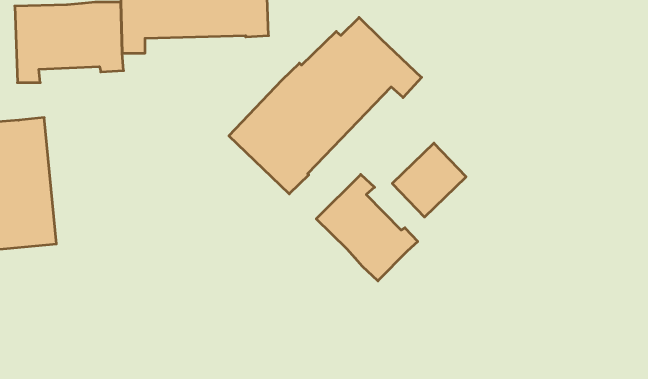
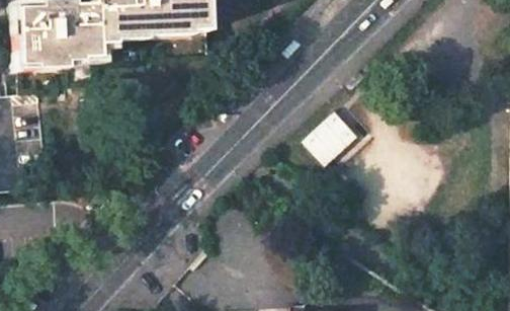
building: [229,17,422,194] -> none
building: [316,174,418,281] -> none

